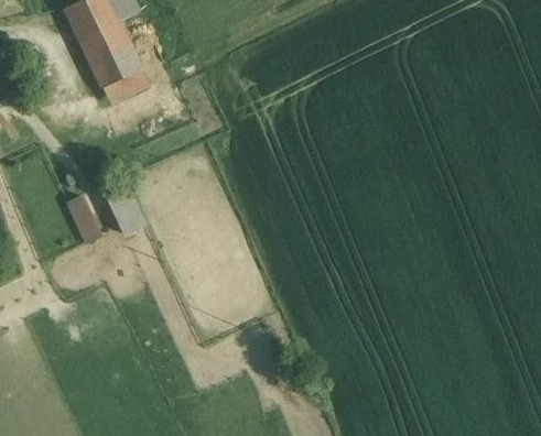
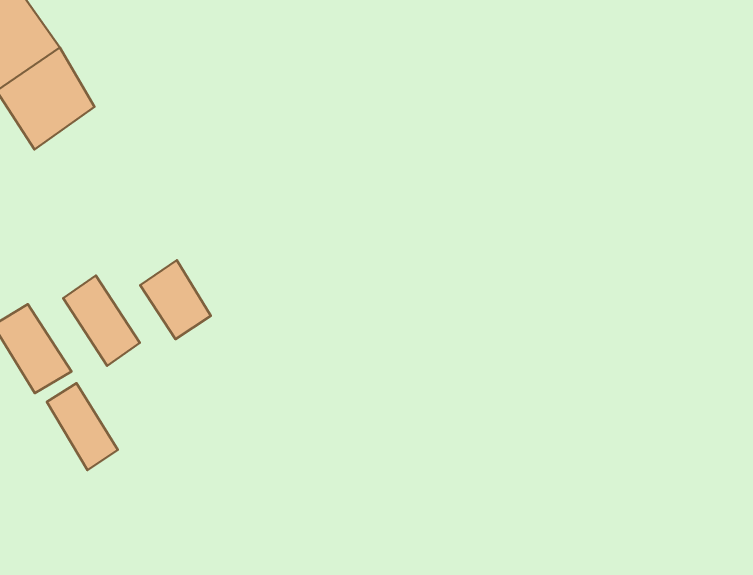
building: none -> [140,260,211,339]
building: none -> [47,383,118,470]

